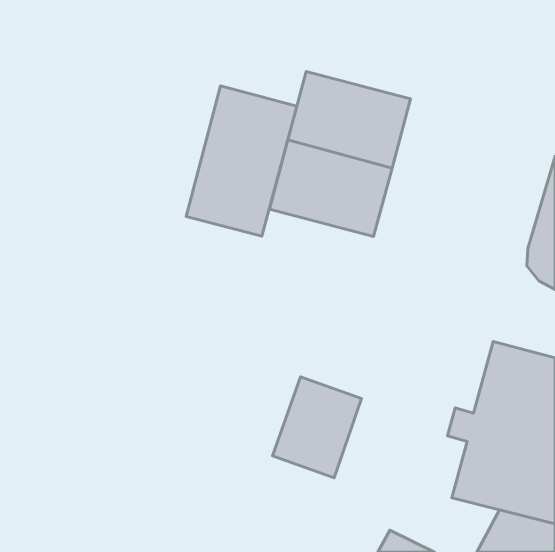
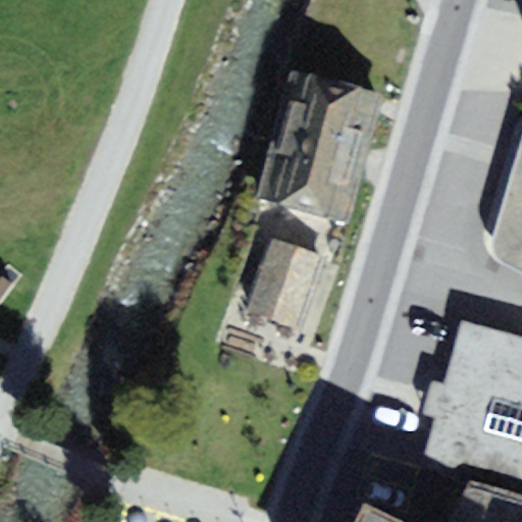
building: [186,86,297,236] -> none
building: [272,377,361,478] -> [245,237,328,331]

